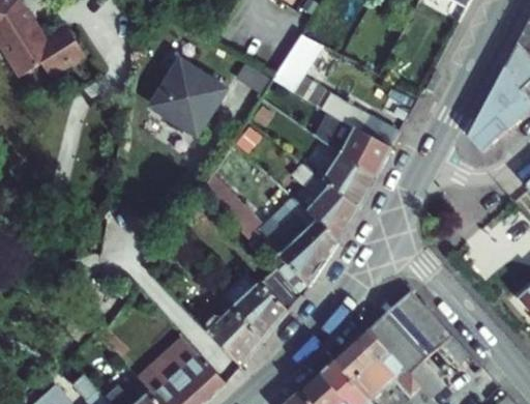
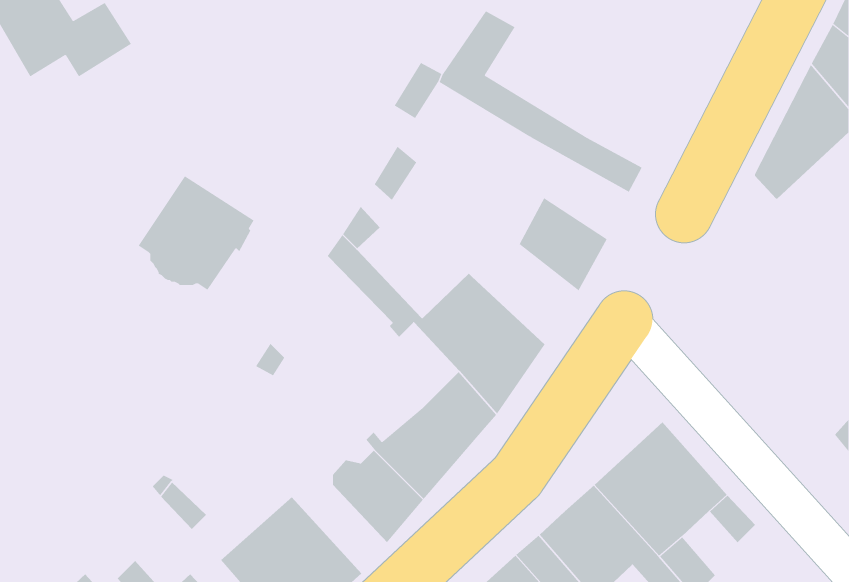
building: [151,62,224,134] -> [138,175,255,291]
building: [316,114,391,177] -> none
building: [293,174,359,242] -> none

